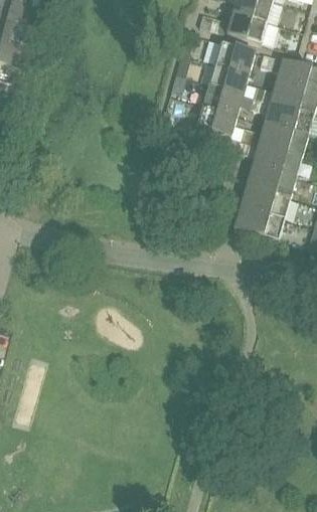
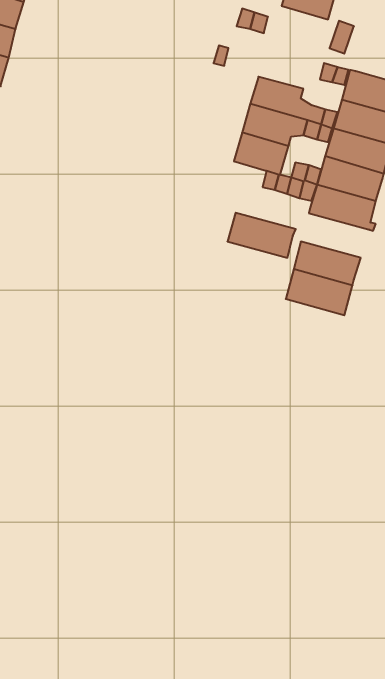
building: [225,10,266,41] -> none
building: [214,40,254,71] -> none
building: [246,163,296,196] -> [227,213,296,258]

